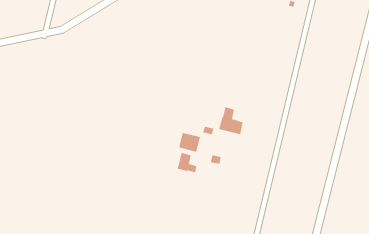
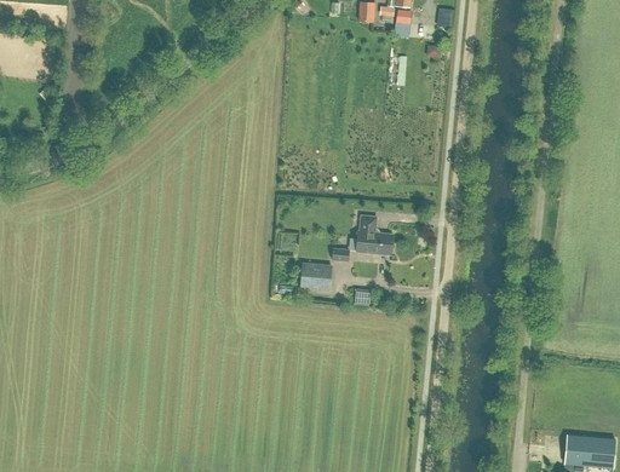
building: [177,152,197,173] -> none

